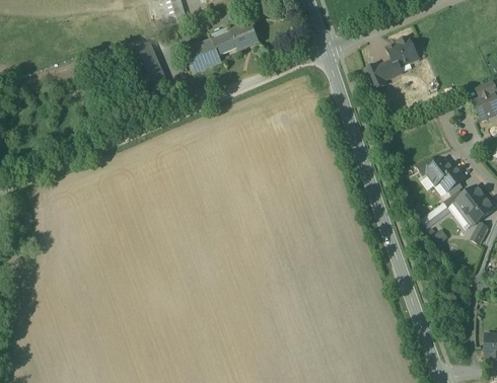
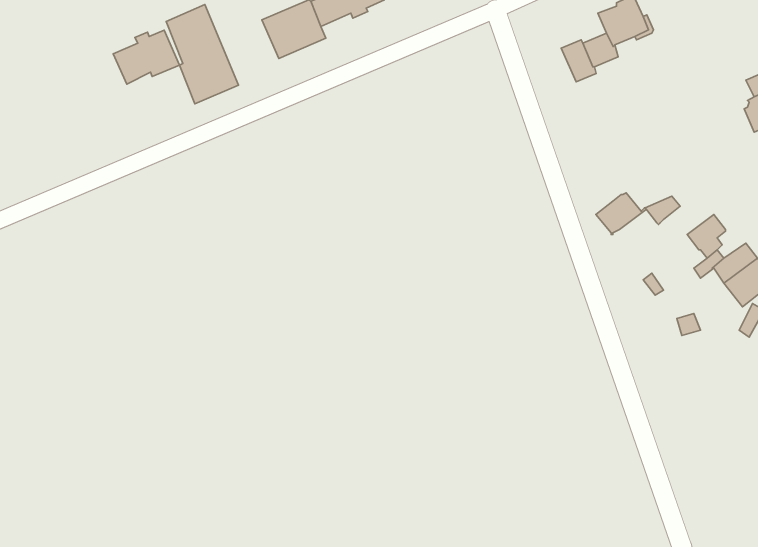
building: none -> [113,30,180,84]
building: [426,158,456,183] -> [596,193,646,235]

